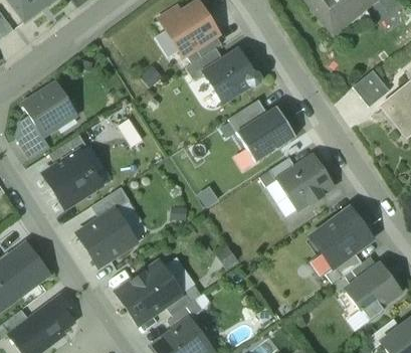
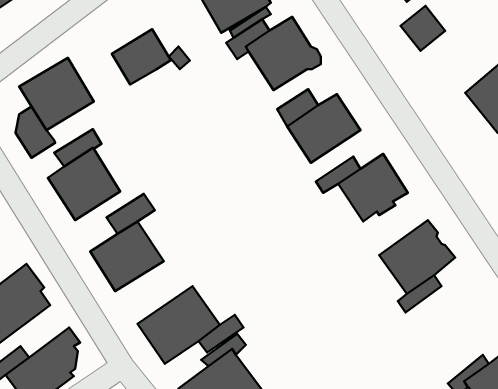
building: none -> [112,29,171,85]
building: [353,70,389,107] -> [400,6,445,51]
building: [345,263,401,320] -> none

